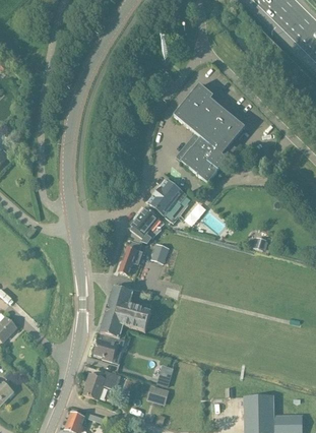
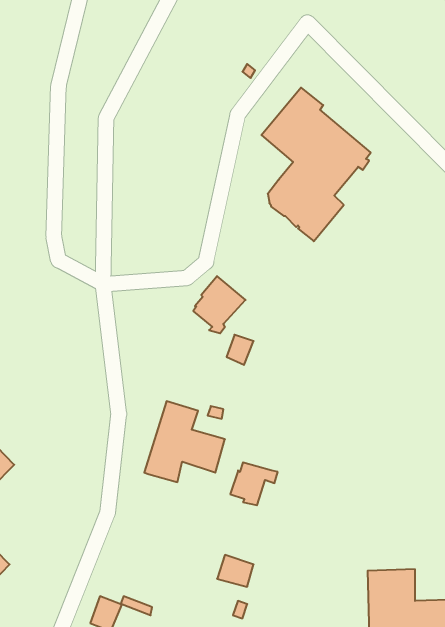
building: [148,178,187,214] -> none
building: [119,239,142,274] -> none
building: [94,332,125,360] -> [230,462,278,505]
building: [83,369,121,398] -> none

